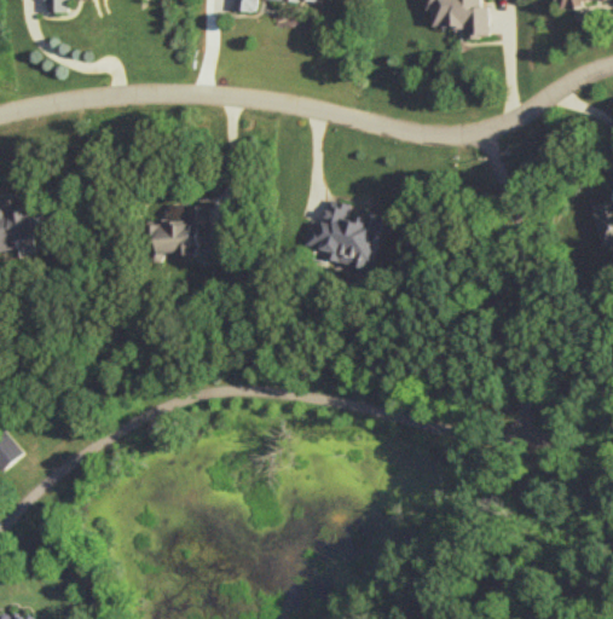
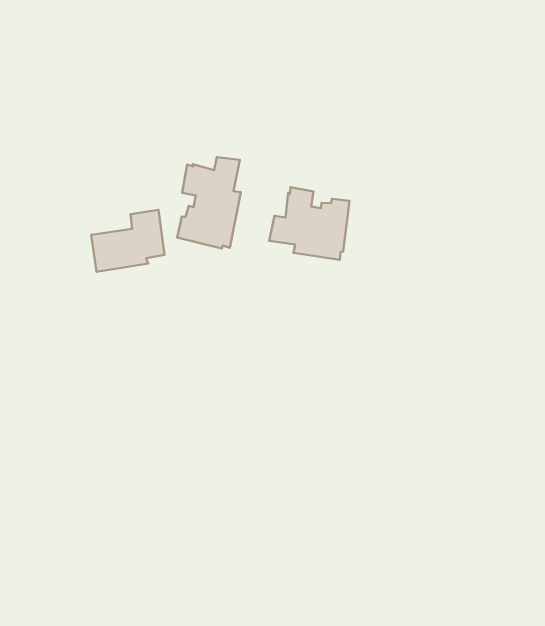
building: none -> [177,157,241,248]

